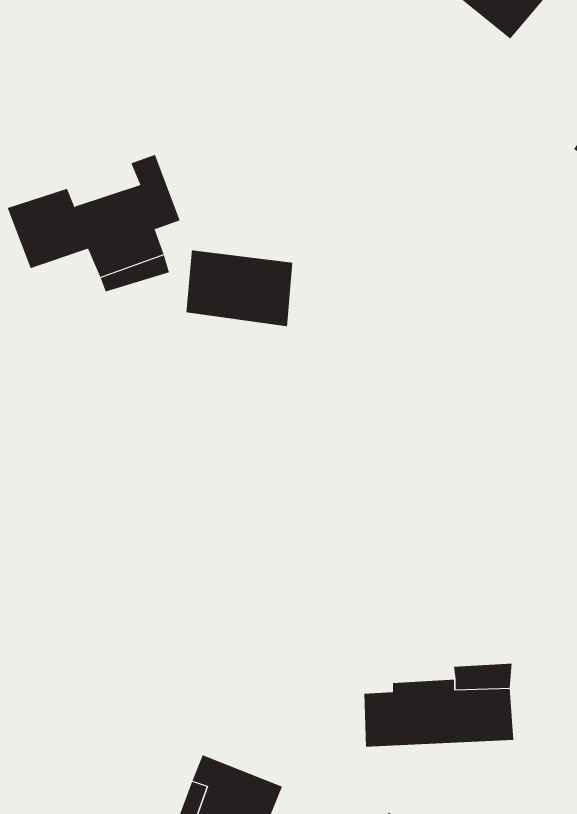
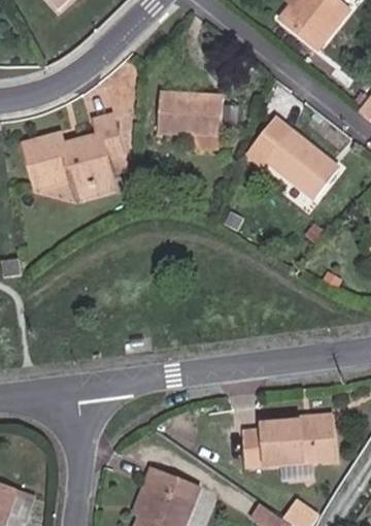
building: none -> [250,124,336,199]
building: [186,250,293,327] -> [160,89,222,133]

